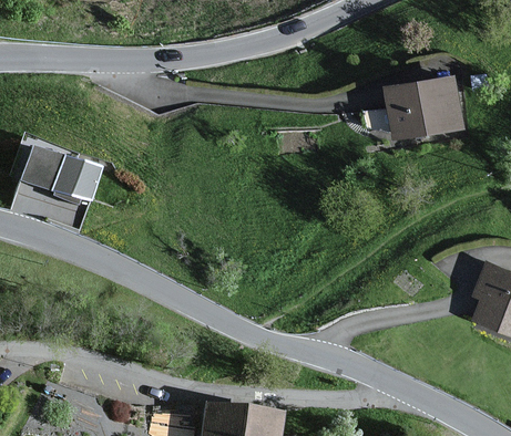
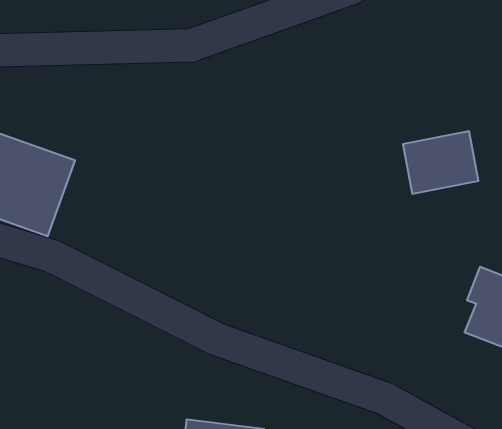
building: [384,82,454,141] -> [403,131,479,194]

